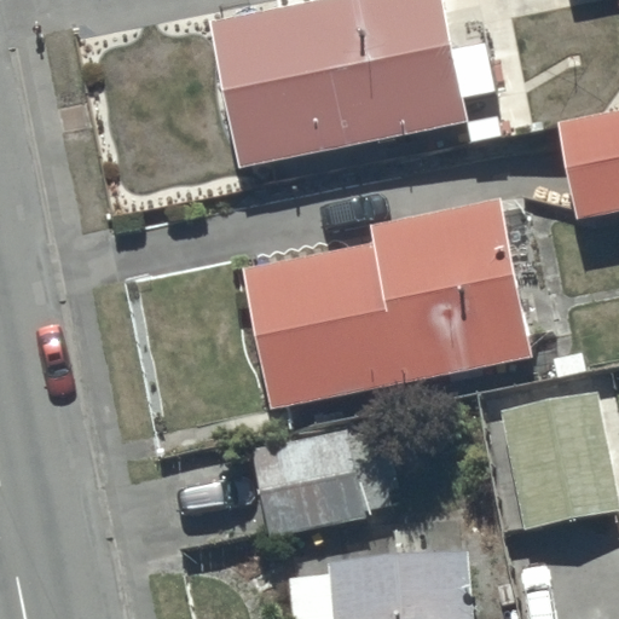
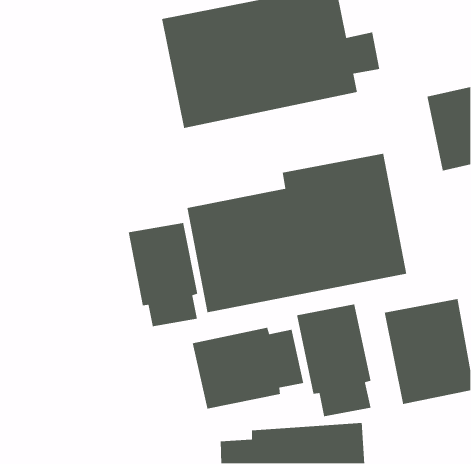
building: none -> [128,222,198,327]
building: none -> [296,304,371,417]

